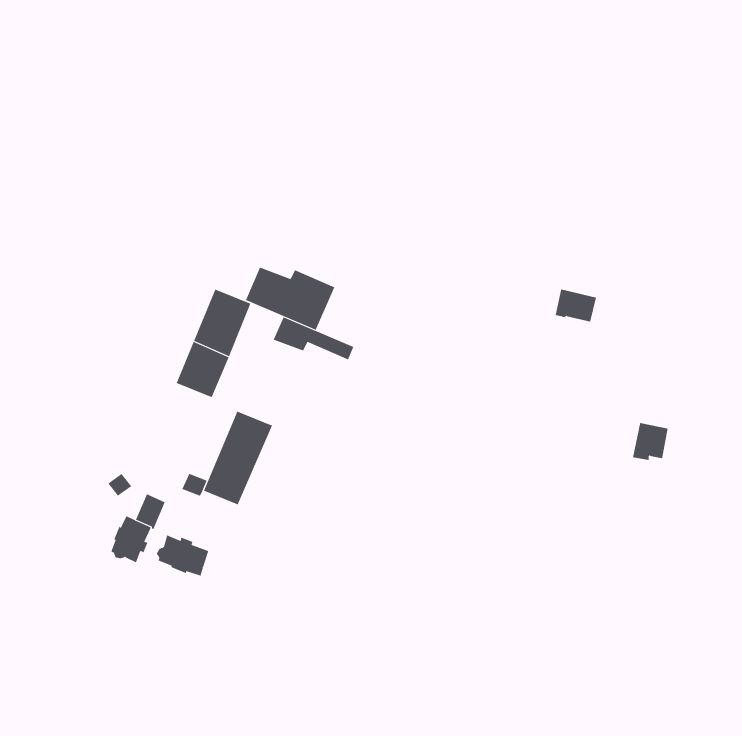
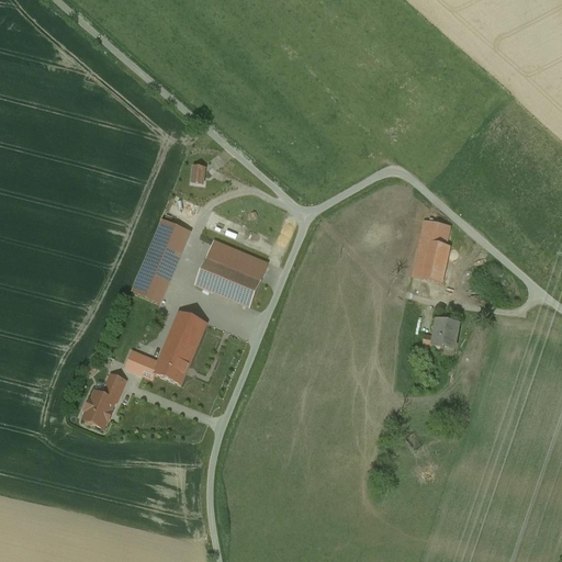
building: [245,267,335,331] -> [195,257,263,305]
building: none -> [412,238,449,281]
building: [632,423,669,460] -> [431,318,459,347]
building: [156,534,209,577] -> none

